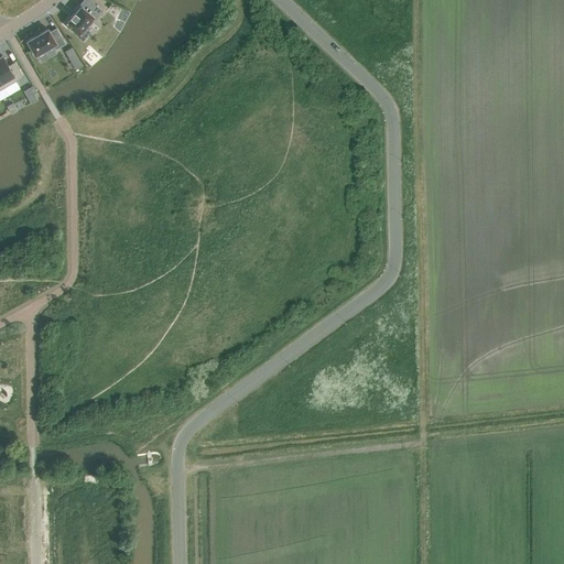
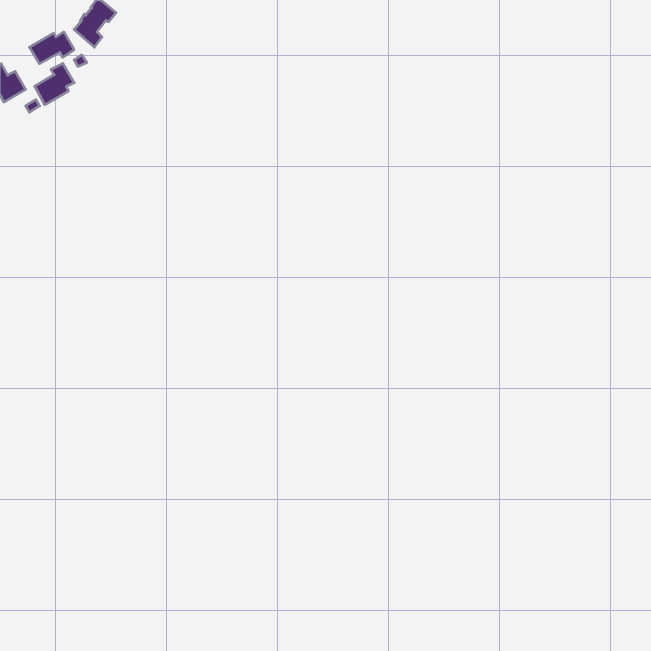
building: none -> [35,63,74,105]

